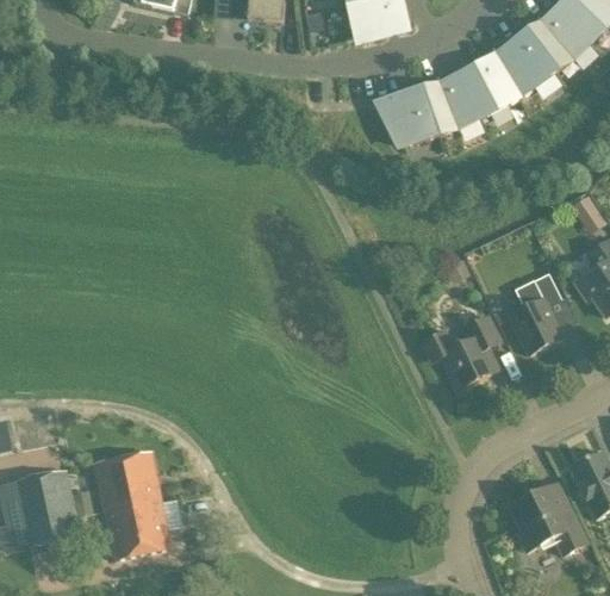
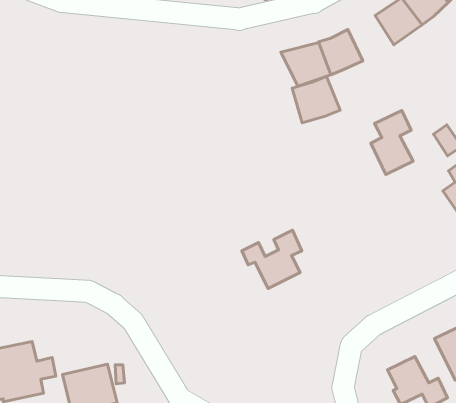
building: [462,56,521,113] -> none
building: none -> [292,77,340,123]
building: [512,272,566,353] -> [371,110,413,174]
building: [427,315,503,389] -> [242,230,302,288]
building: [91,449,158,510] -> none

